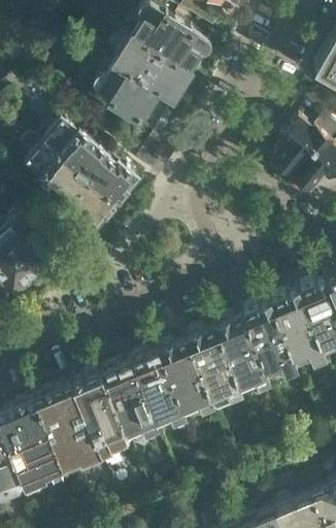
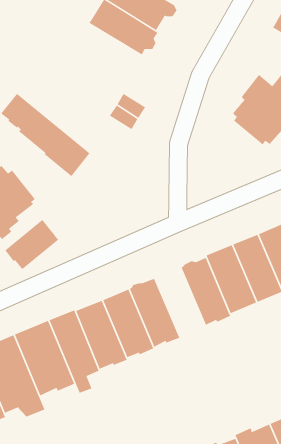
building: [96,66,174,131] -> none
building: [39,120,139,206] -> none
building: none -> [5,219,59,270]
building: [188,329,243,403] -> none

